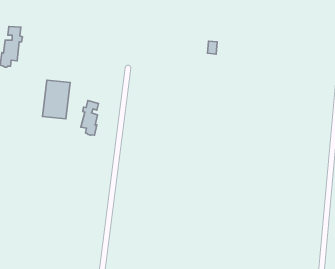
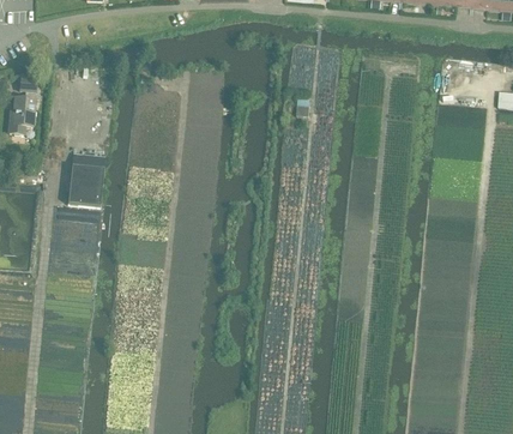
building: [81,101,99,135] -> none

